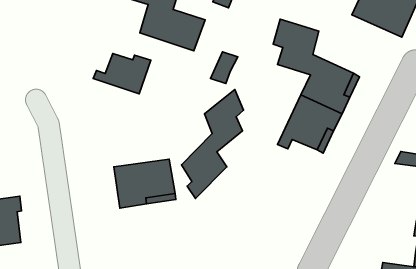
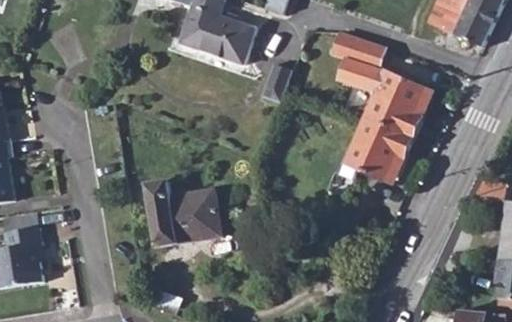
building: [93,54,151,94] -> none
building: [181,89,243,199] -> none

